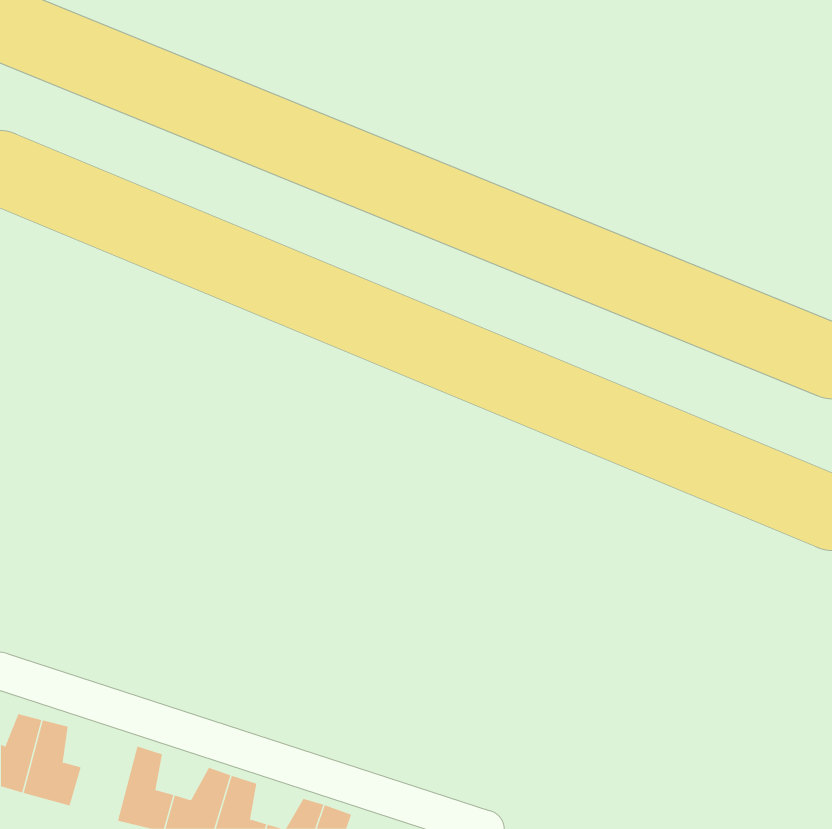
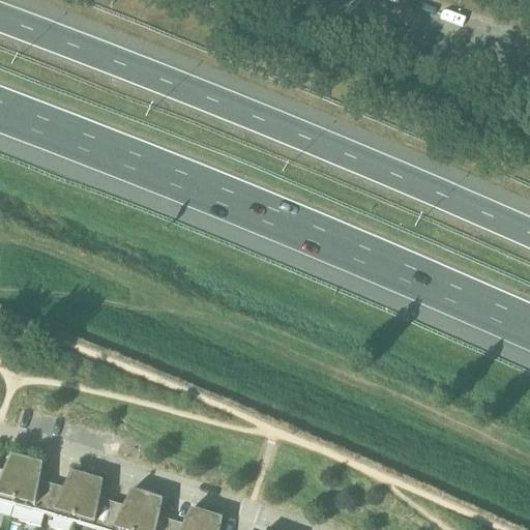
building: none -> [45,470,87,522]

